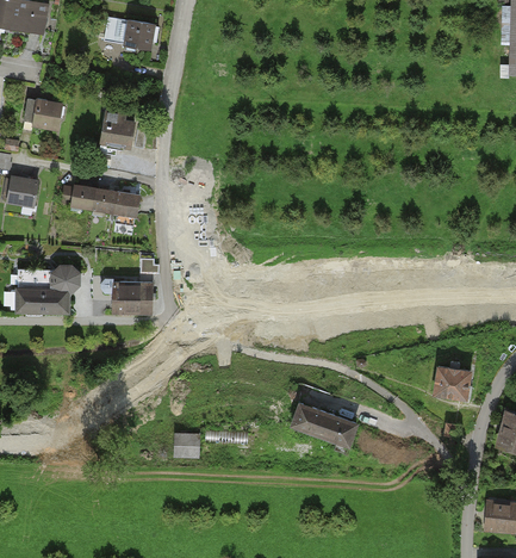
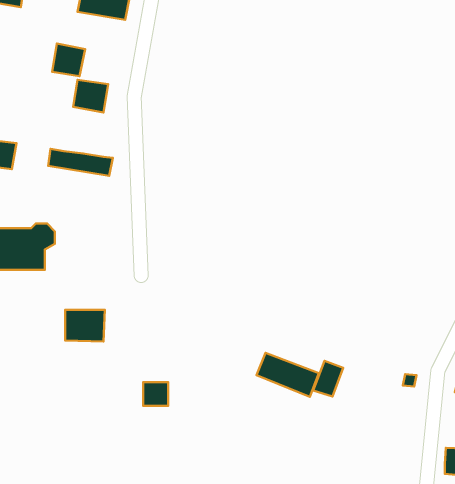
building: [30,97,64,131] -> [52,43,85,76]
building: [112,281,154,315] -> [65,310,105,342]
building: [433,364,472,399] -> none
building: none -> [313,361,343,396]

